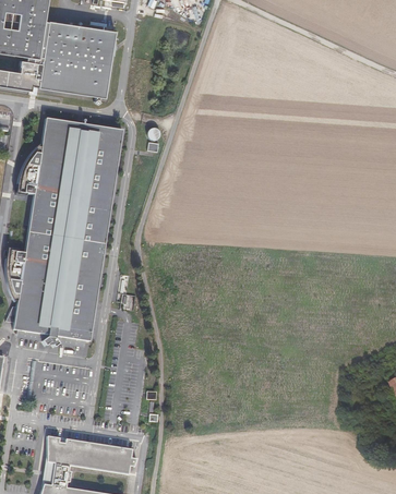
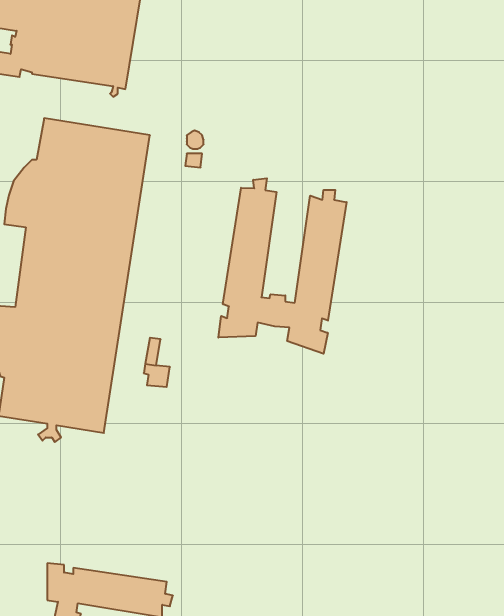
building: none -> [218,178,347,354]

